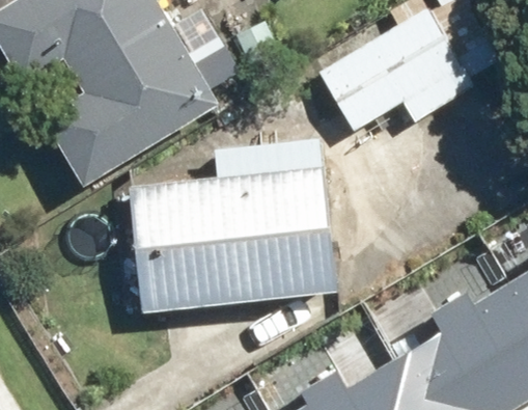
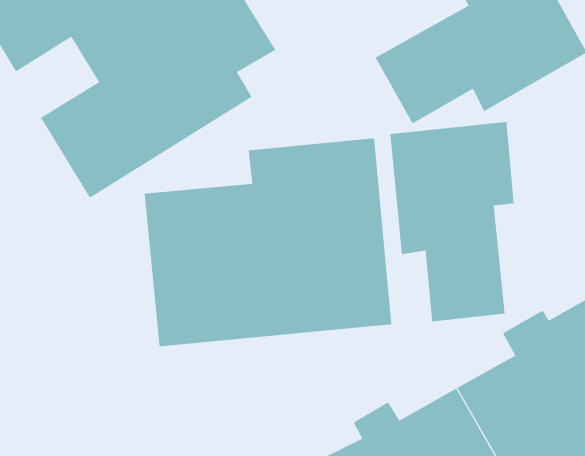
building: none -> [390,121,514,322]

